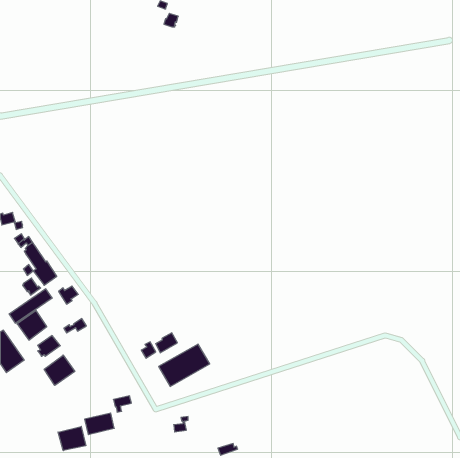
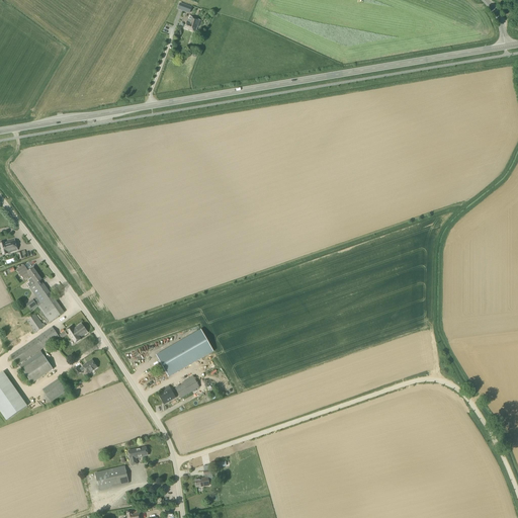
building: [159,344,210,386] -> [156,328,213,375]
building: [44,355,75,385] -> none
building: [58,426,86,451] -> none

